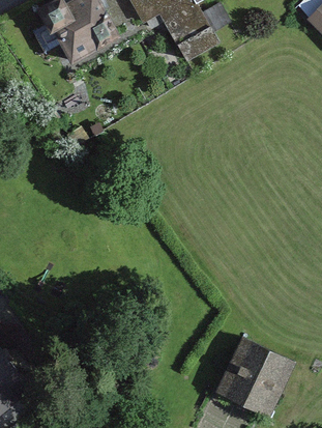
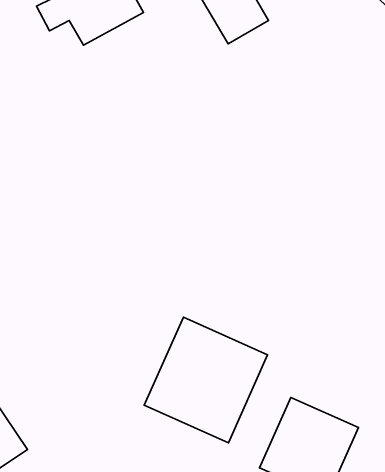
building: none -> [144,317,267,443]

